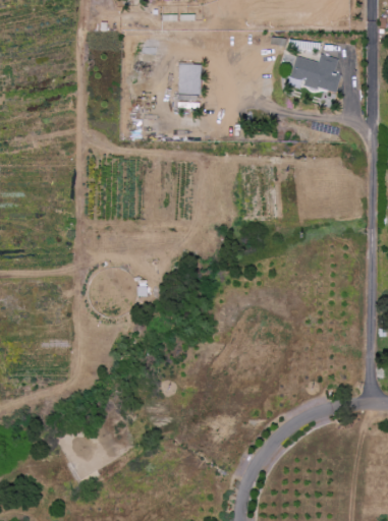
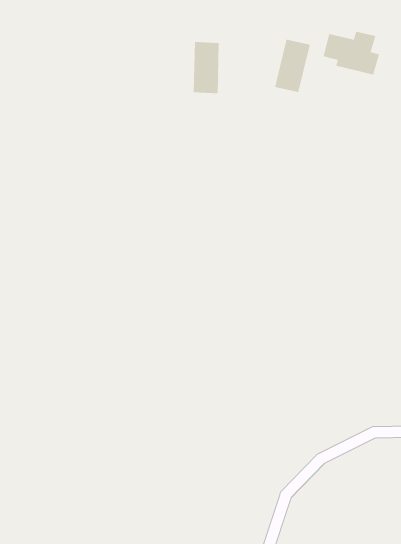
building: none -> [275,39,310,93]

